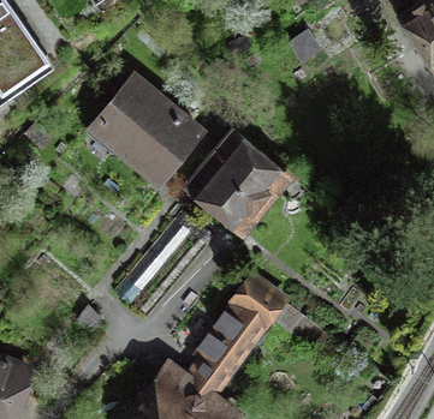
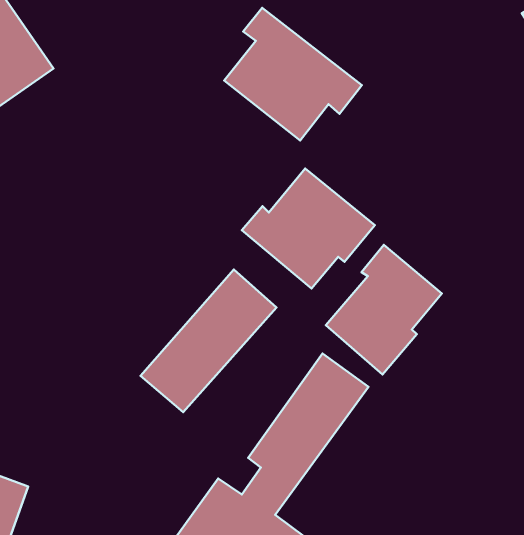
building: [99,77,203,178] -> [224,8,362,141]
building: none -> [326,245,442,374]

